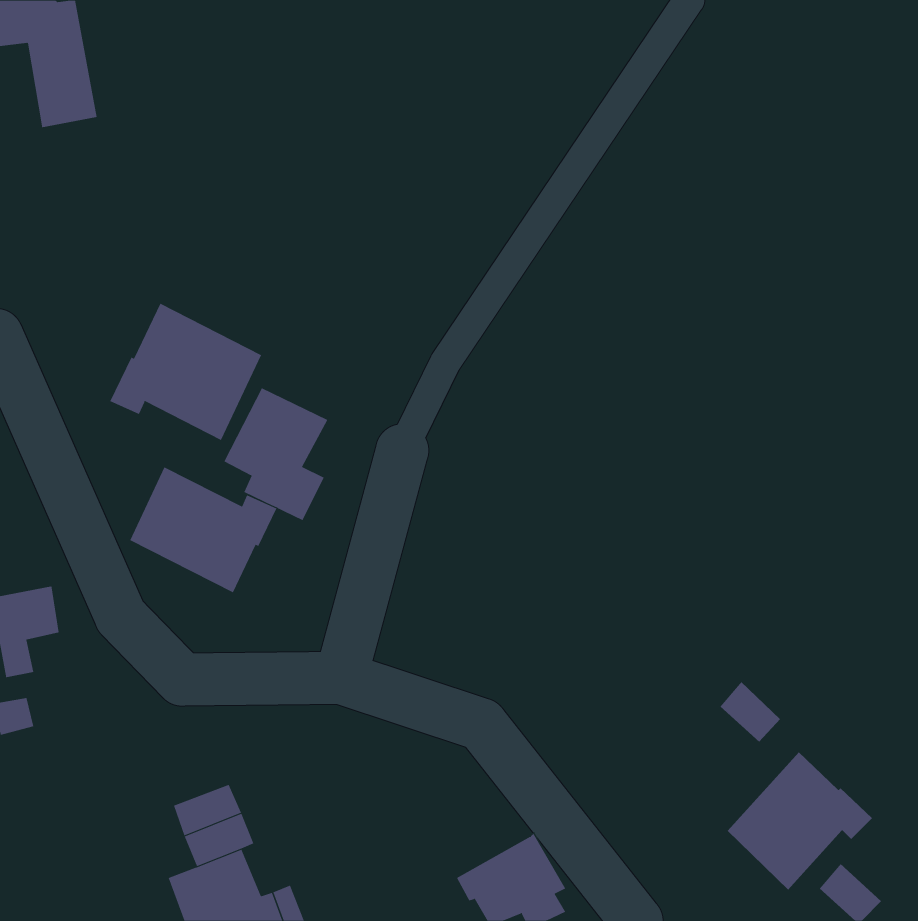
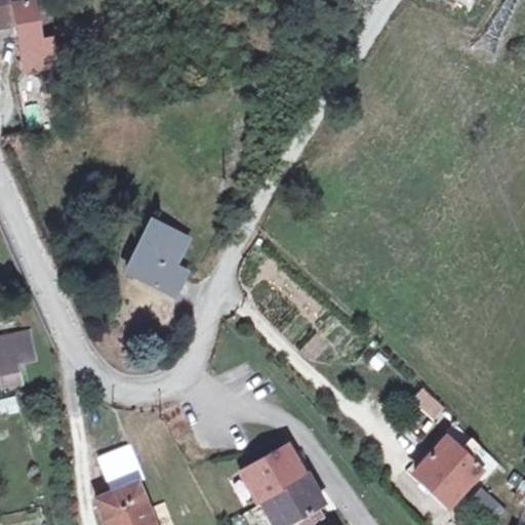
building: [109,303,262,441] -> none
building: [130,466,277,593] -> none
building: none -> [243,445,301,501]

